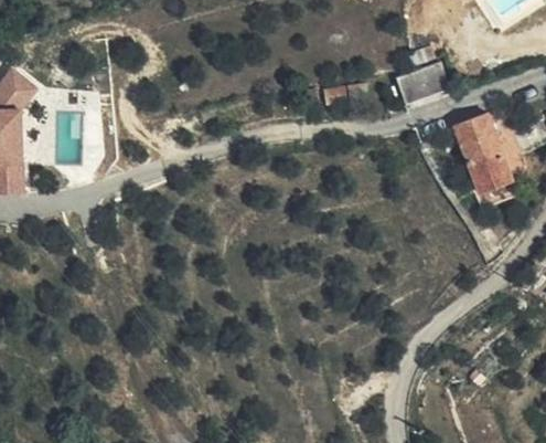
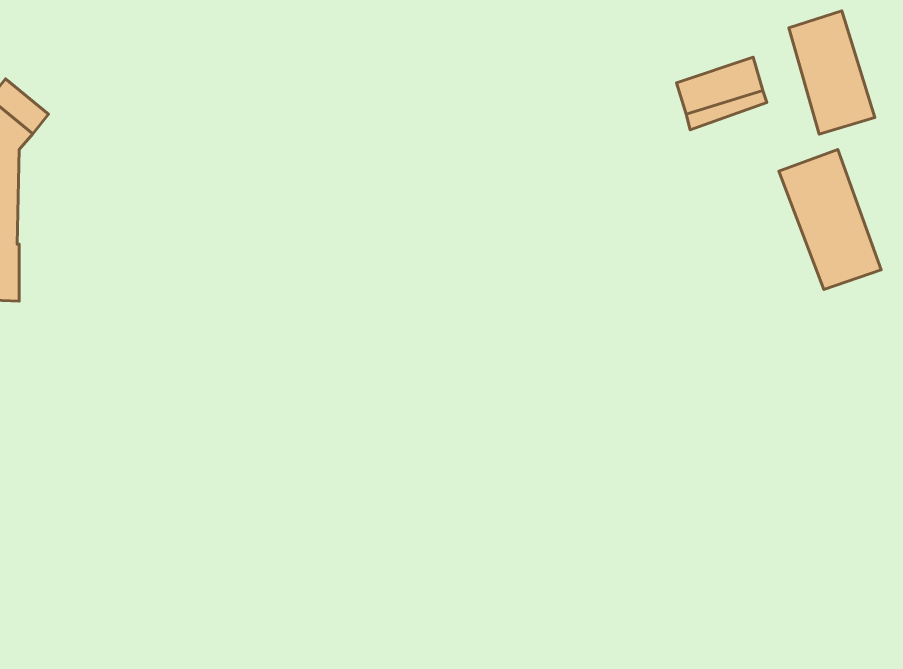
building: none -> [789,11,875,134]

